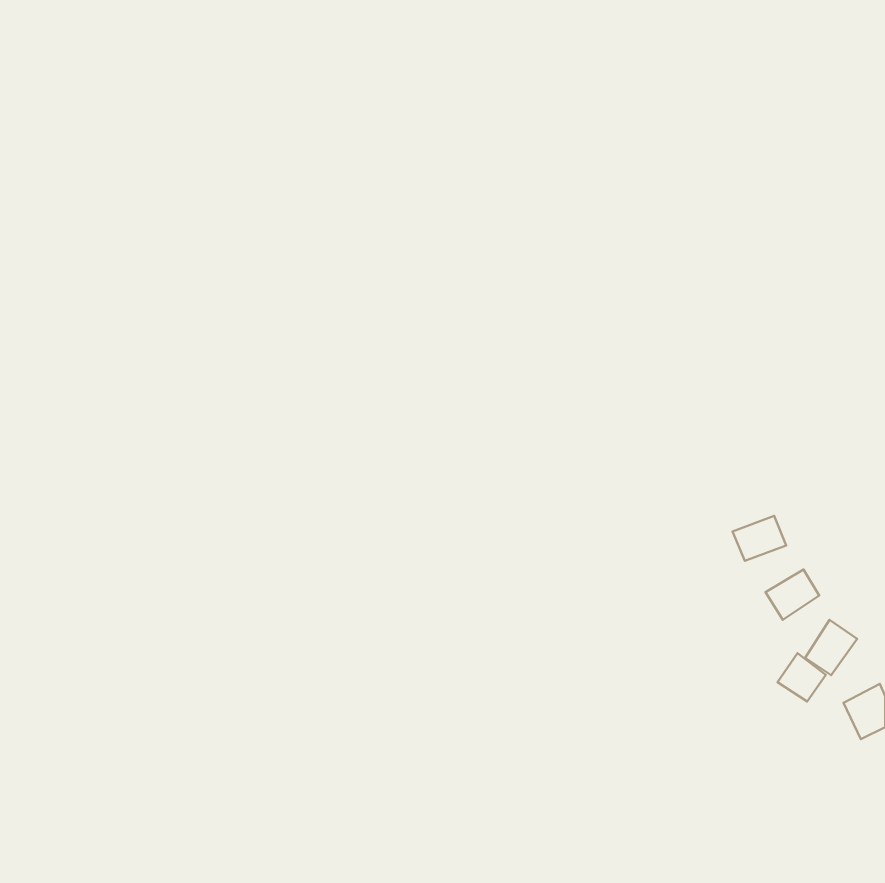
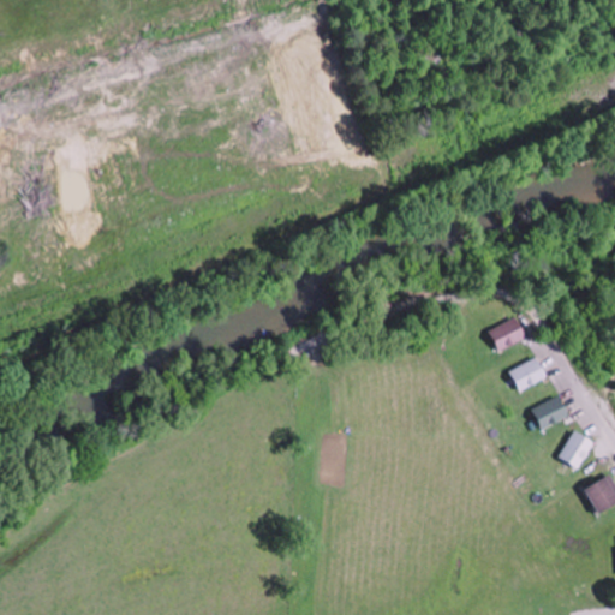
building: none -> [488,317,525,351]
building: [778,653,826,702] -> none

